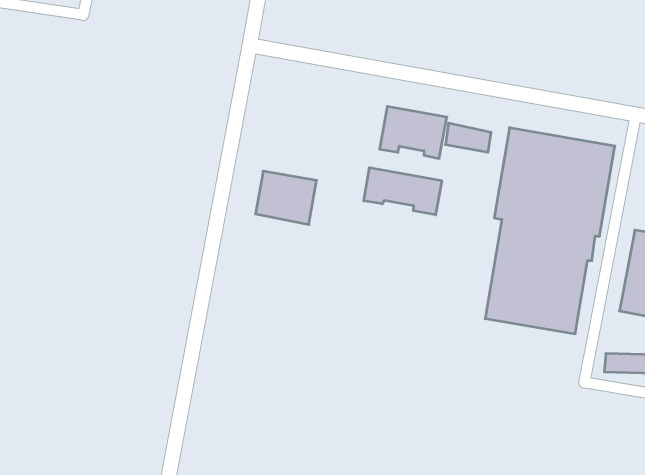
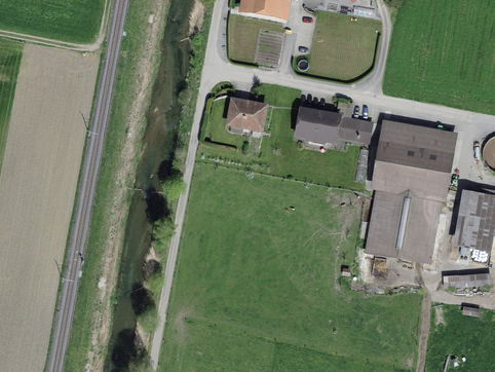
building: [364,168,442,215] -> none
building: [255,171,317,225] -> [226,97,267,133]

